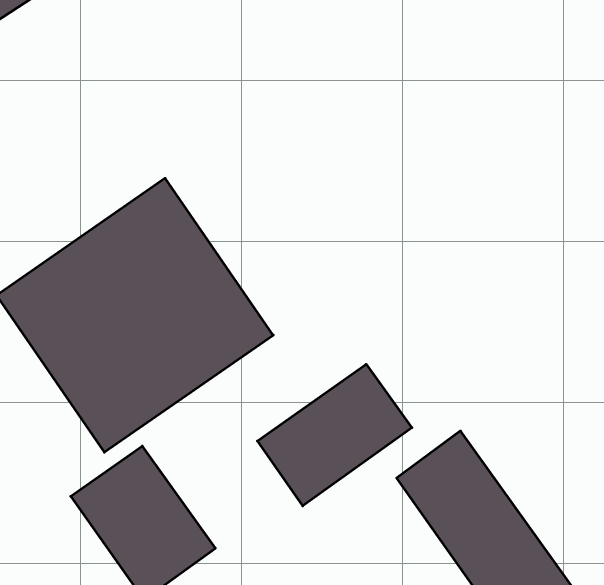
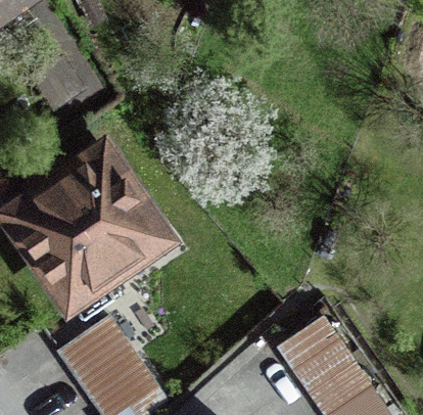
building: [257,364,412,506] -> none

